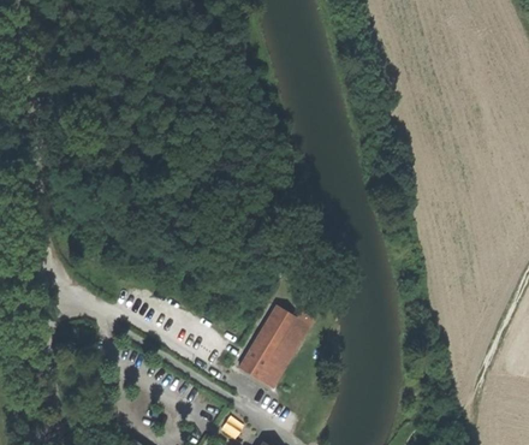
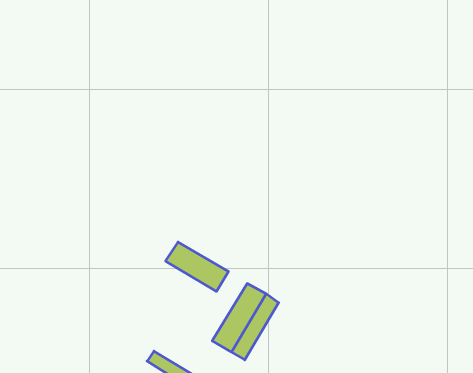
building: none -> [166,242,228,291]

